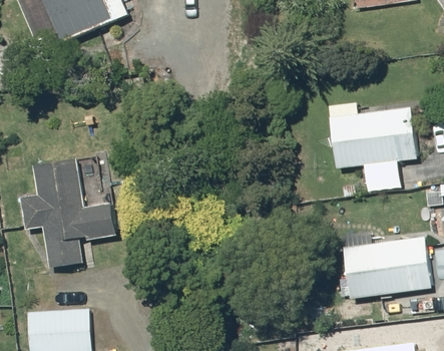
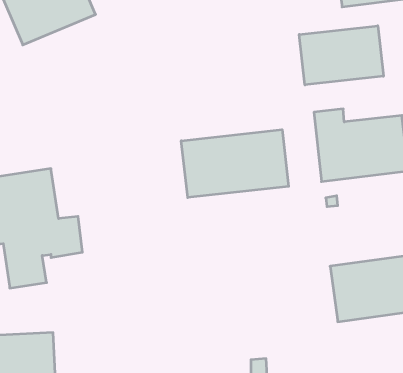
building: none -> [299,26,383,85]
building: none -> [181,130,289,198]

